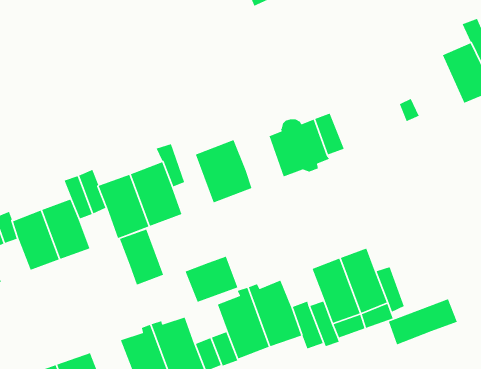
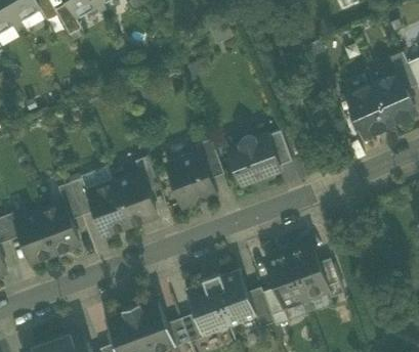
building: none -> [346,82,391,135]
building: none -> [196,138,224,178]
building: [119,228,164,285] -> none
building: [185,256,238,303] -> none
building: [388,298,458,346] -> none

